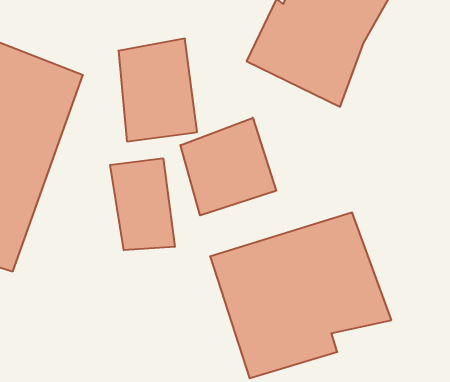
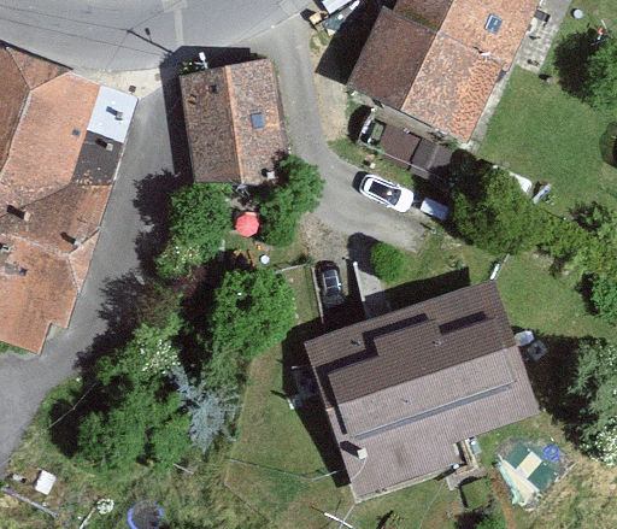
building: [180,118,276,215] -> none
building: [110,158,175,250] -> none

